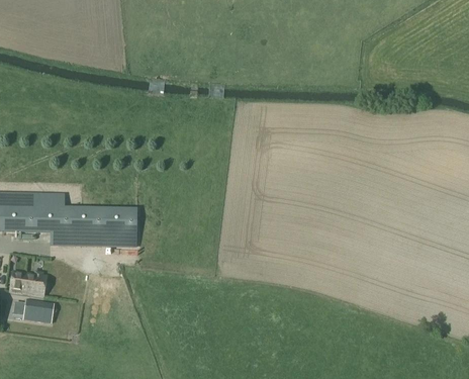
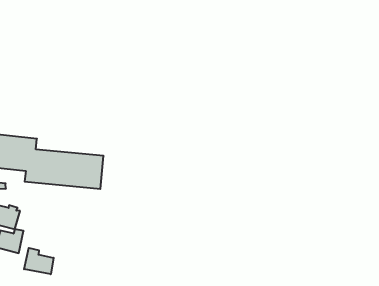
building: none -> [24,248,54,274]

